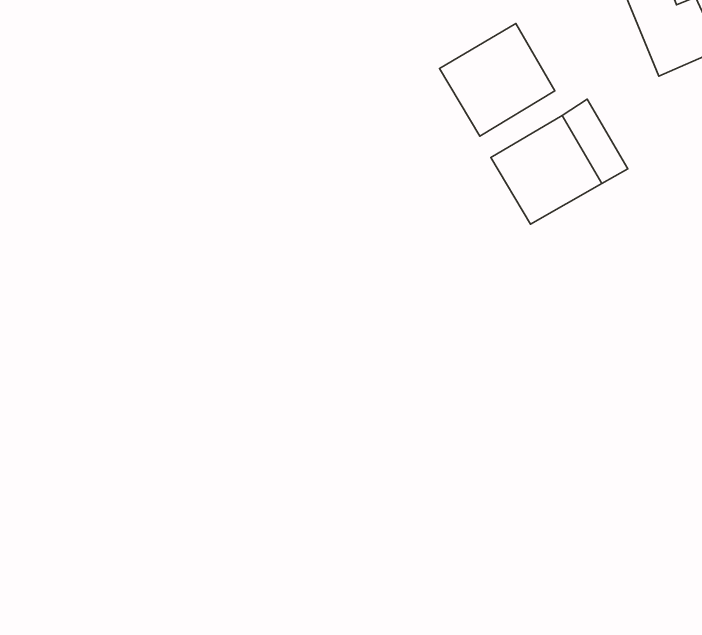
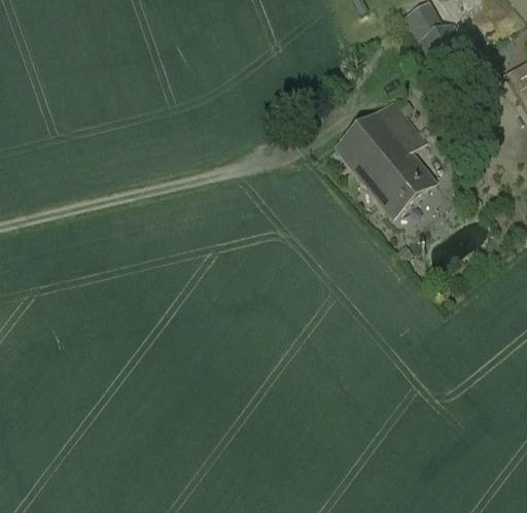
building: [439,24,555,136] -> none
building: none -> [370,148,437,214]

